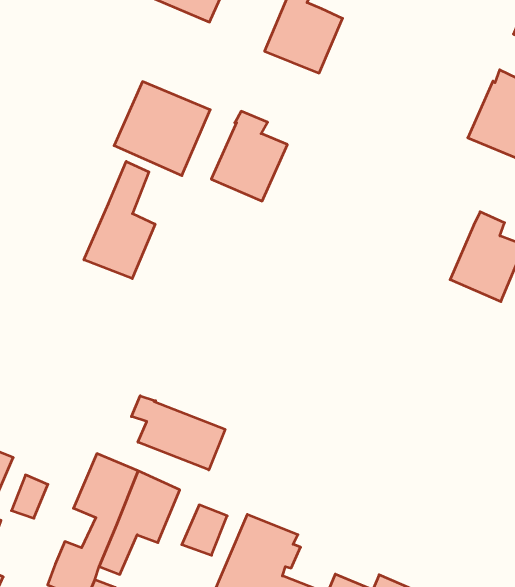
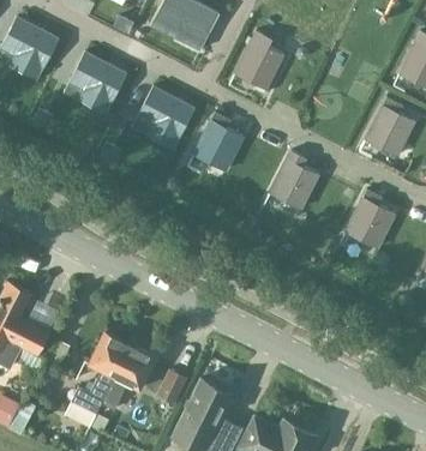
building: none -> [62,52,126,115]
building: none -> [269,150,319,210]
building: [84,161,155,279] -> none
building: [131,396,225,470] -> none

